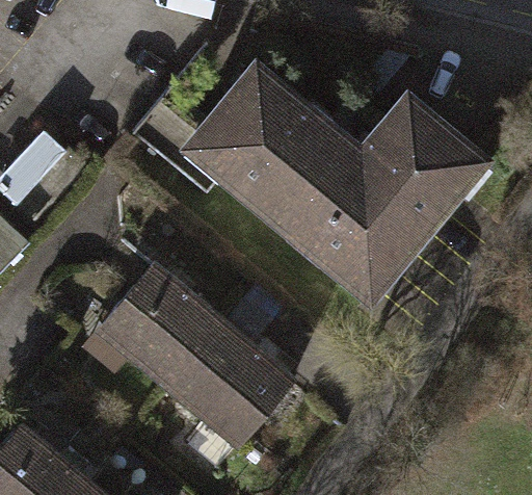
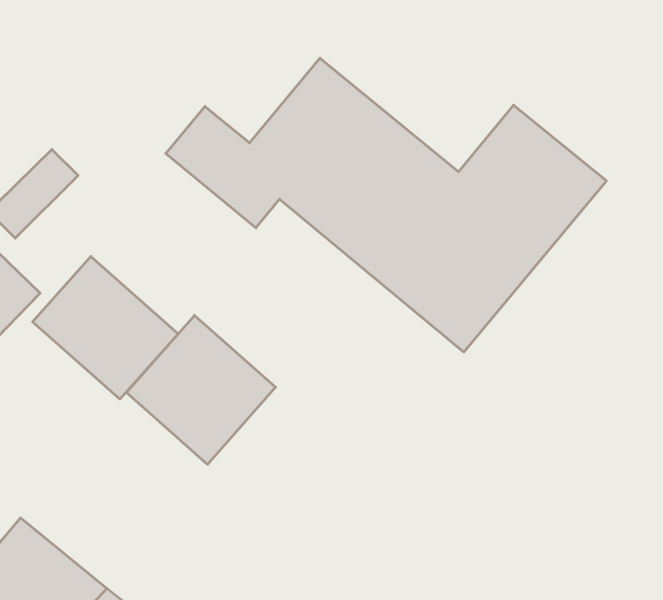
building: none -> [33,256,178,399]
building: [166,323,292,448] -> none

